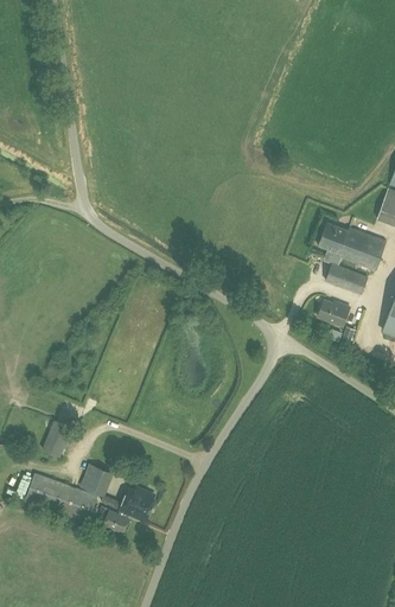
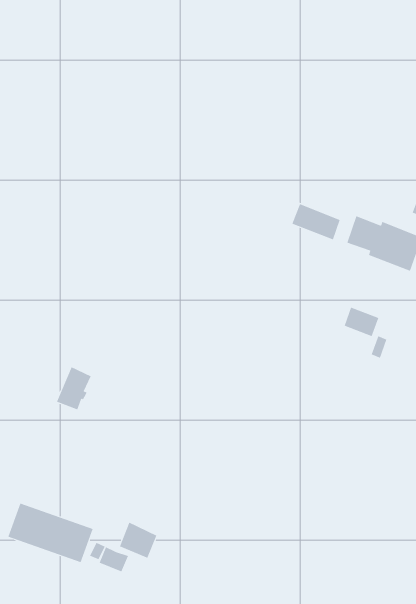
building: [325,262,368,294] -> [291,203,340,240]
building: [42,418,72,456] -> [56,367,91,410]
building: [79,462,114,496] -> none

